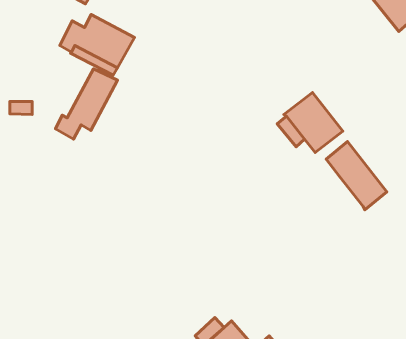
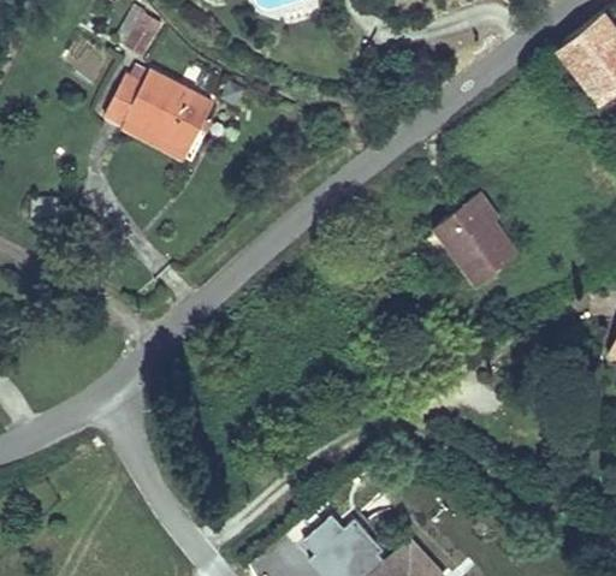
building: [55,69,117,139] -> none
building: [326,142,387,210] -> none

